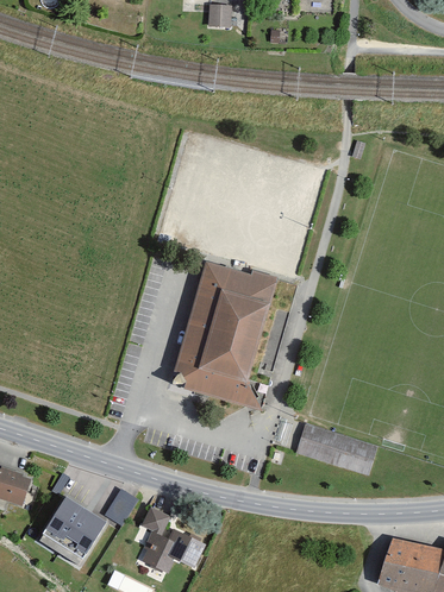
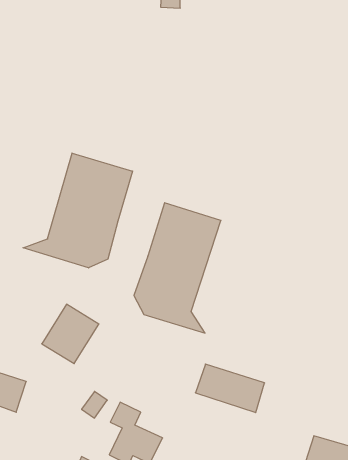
building: none -> [23,153,133,268]
building: [300,420,383,478] -> [195,364,265,413]
building: [40,490,110,561] -> [42,304,99,364]

